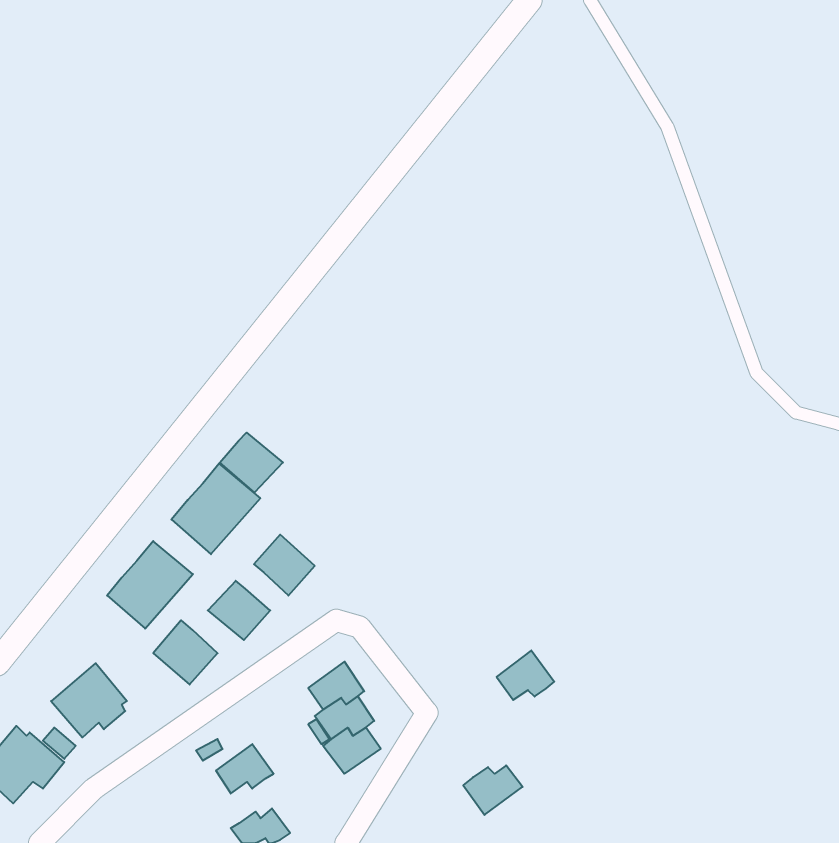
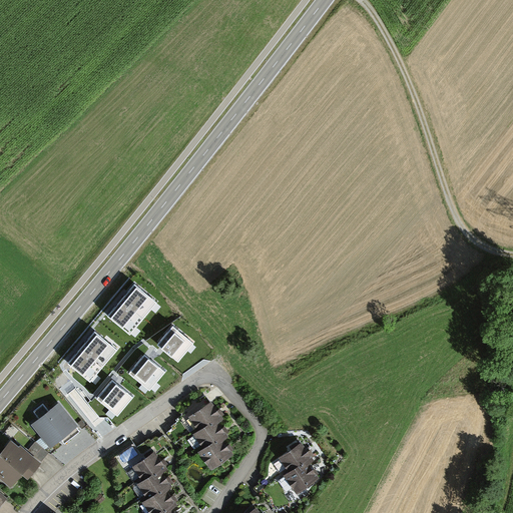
building: [220,433,283,493] -> none
building: [497,650,554,700] -> [278,442,313,472]
building: none -> [135,473,171,500]

